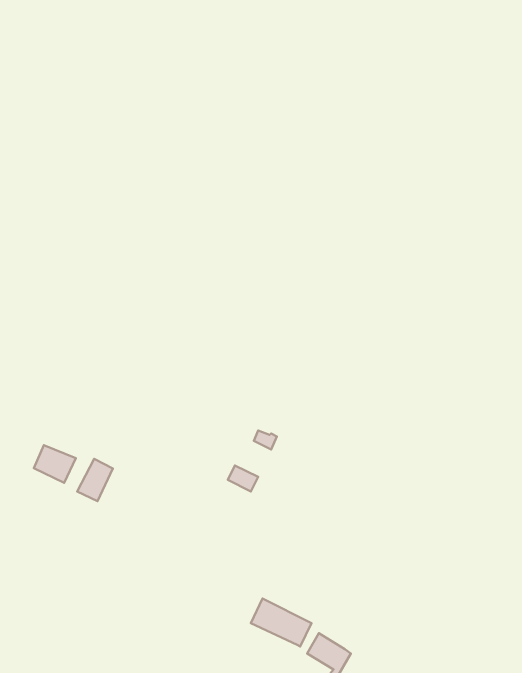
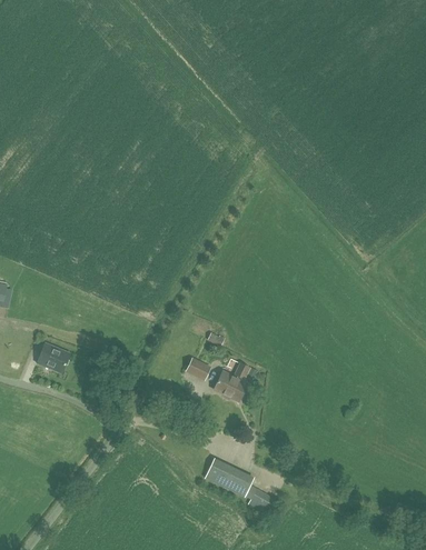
building: [77,459,113,501] -> none
building: none -> [212,362,248,400]

